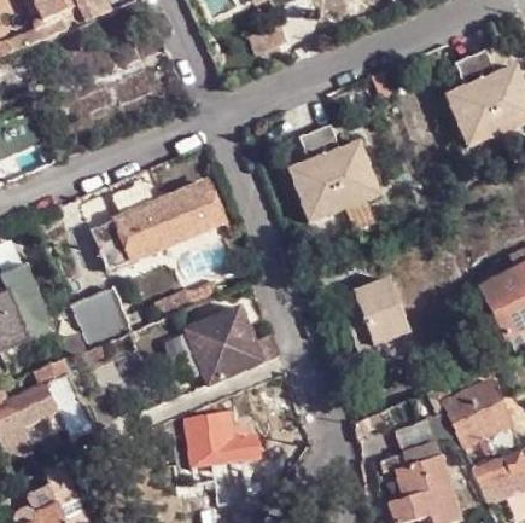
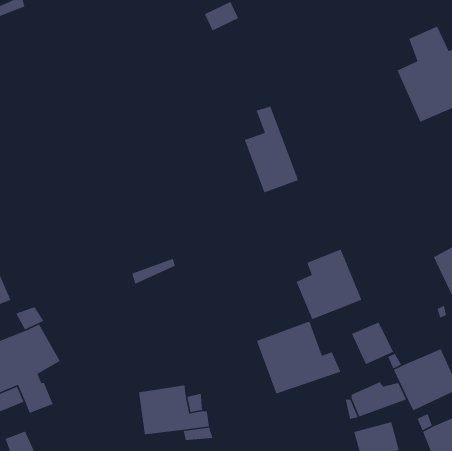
building: [316,123,380,207] -> none
building: [87,182,220,271] -> none
building: [68,290,126,350] -> none
building: [188,303,276,379] -> [256,321,341,395]
building: none -> [351,321,394,365]

